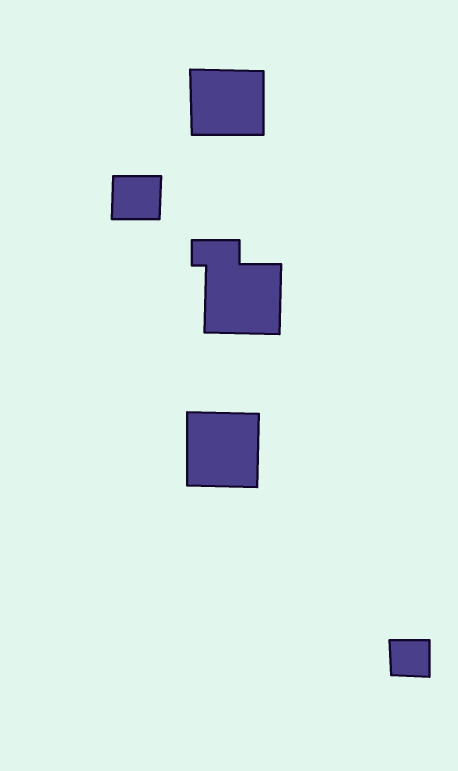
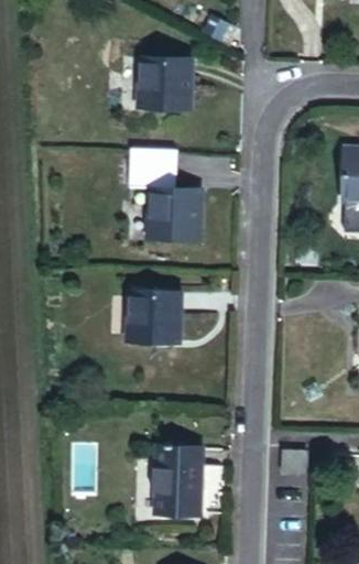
building: [112,176,161,219] -> [140,144,174,174]
building: none -> [160,449,206,517]

